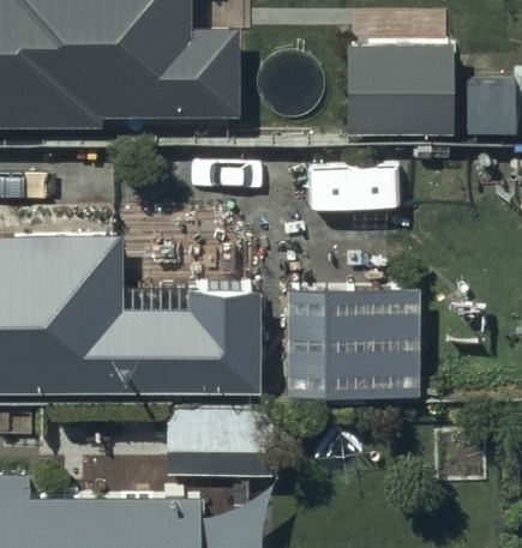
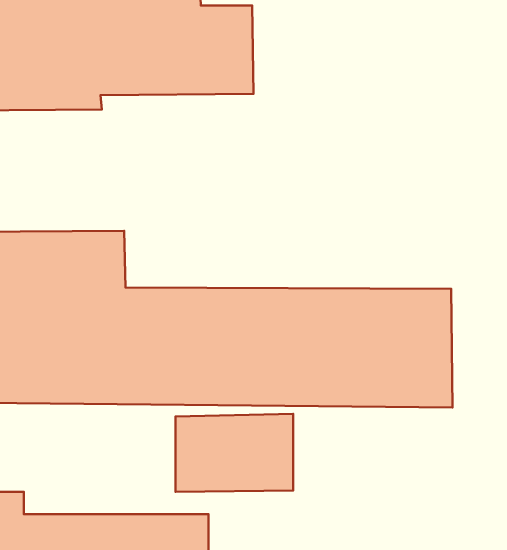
building: [348,44,451,134] -> none

